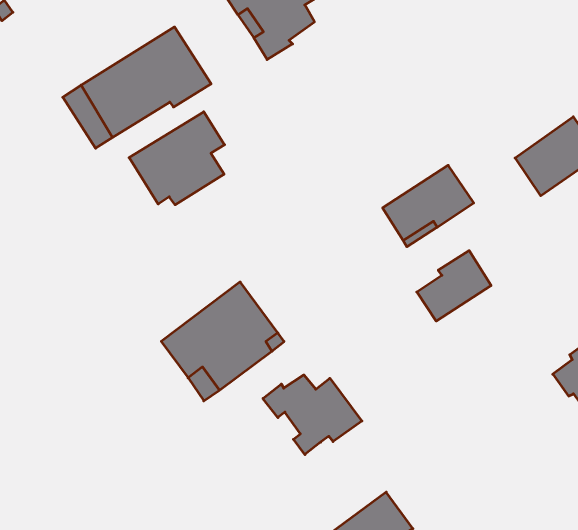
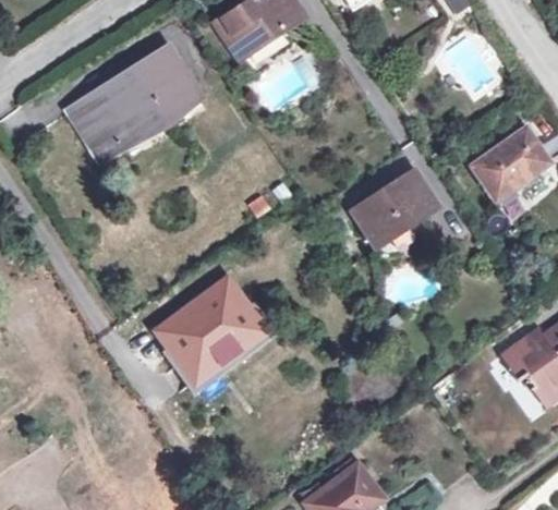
building: [129,112,225,205] -> none
building: [417,251,491,321] -> none
building: [263,375,362,455] -> none

